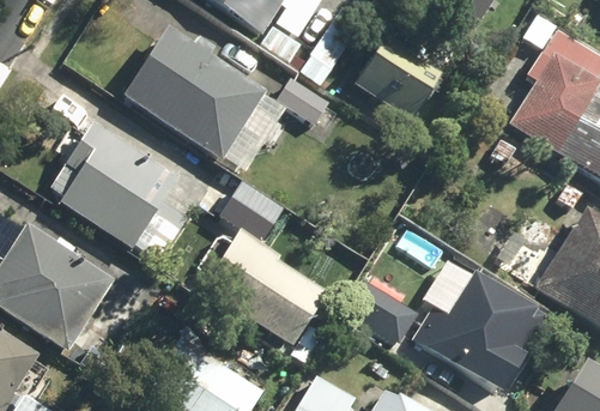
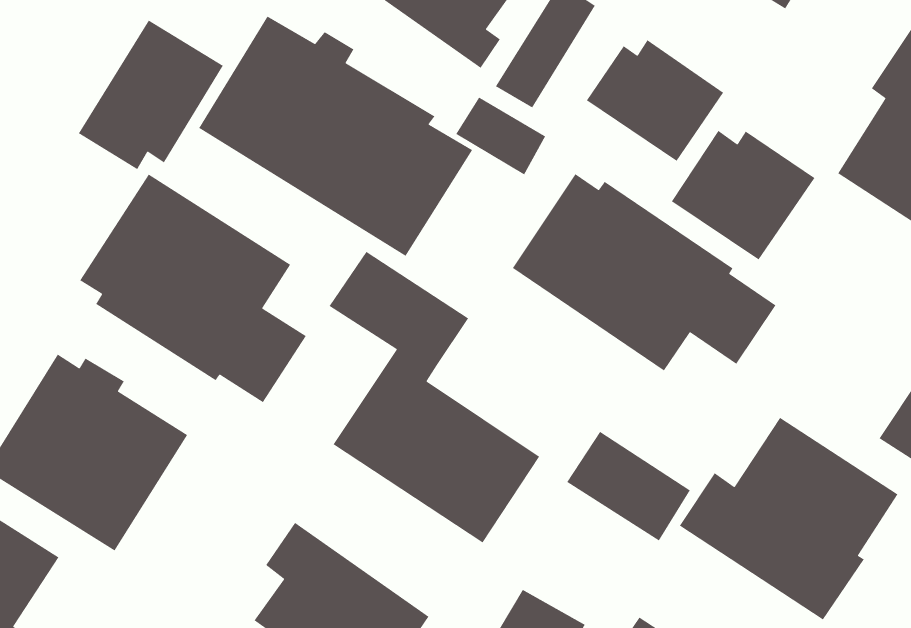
building: none -> [78,20,224,170]
building: none -> [671,130,816,261]
building: none -> [512,173,777,372]

